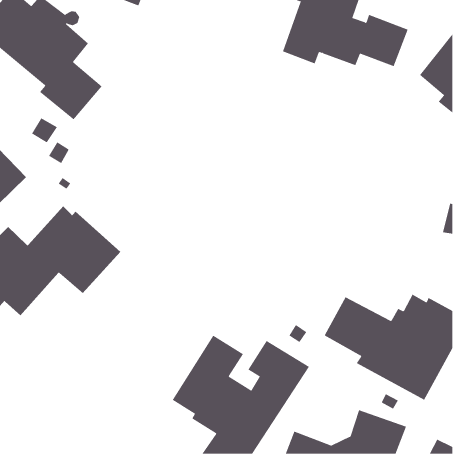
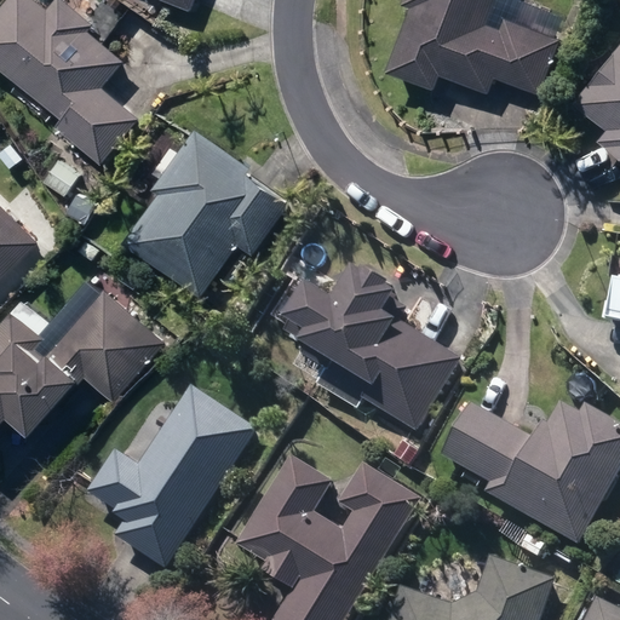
building: none -> [124,125,289,294]
building: none -> [281,265,460,431]
building: none -> [86,385,257,569]

